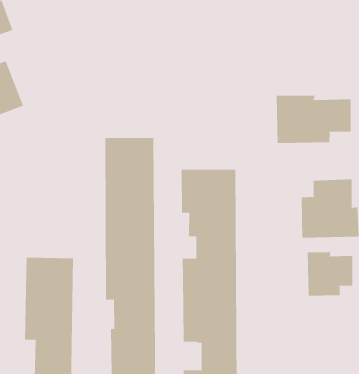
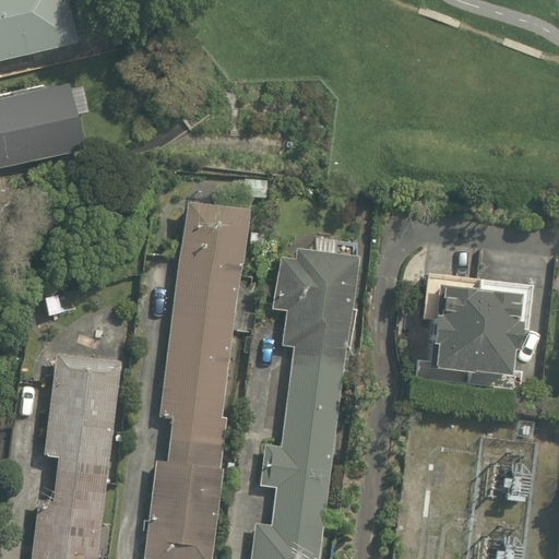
building: [276,95,351,144] -> none
building: [307,252,353,297] -> none

